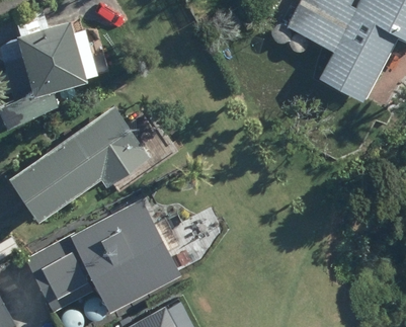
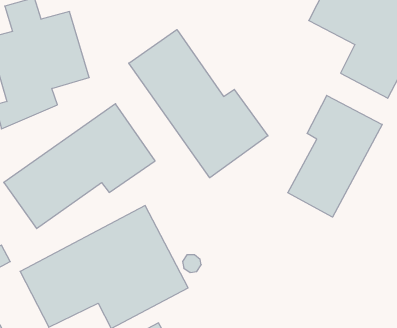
building: none -> [129,30,268,178]
building: none -> [288,95,382,217]

